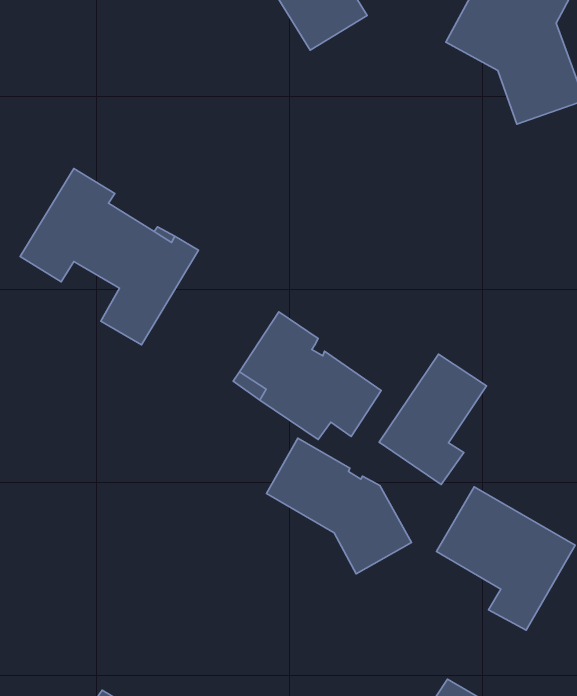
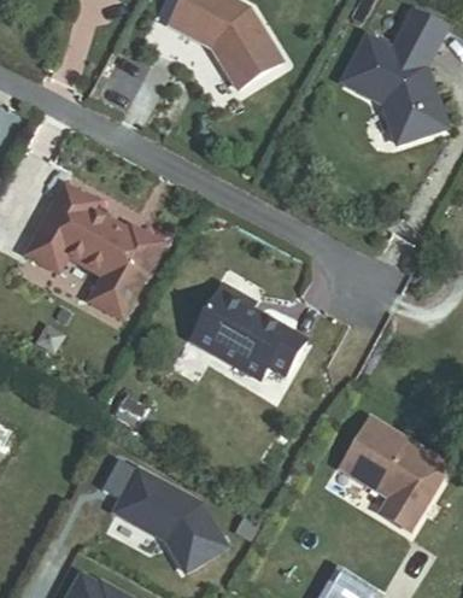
building: [379,354,486,485] -> none
building: [266,438,411,574] -> [112,470,223,574]

